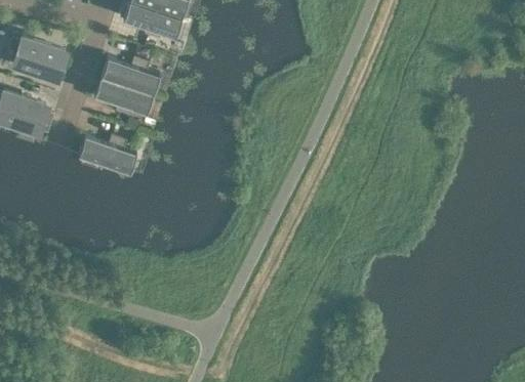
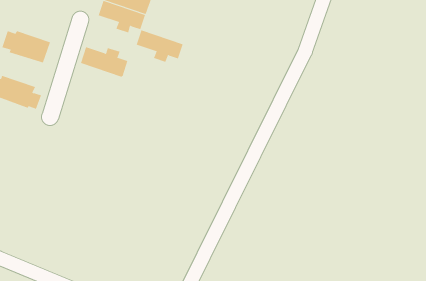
building: [94,79,153,119] -> [136,30,184,62]
building: [79,136,137,174] -> none

